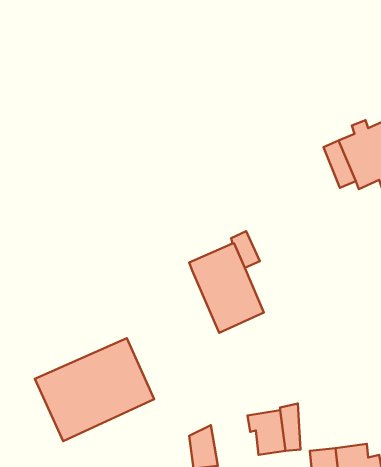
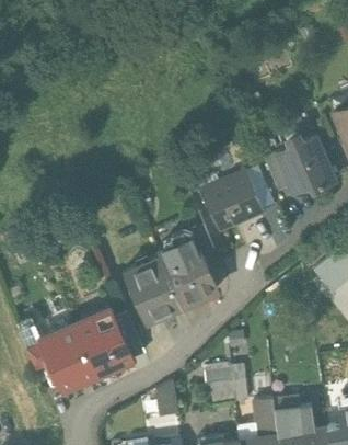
building: none -> [201,169,262,228]
building: none -> [125,254,182,320]

